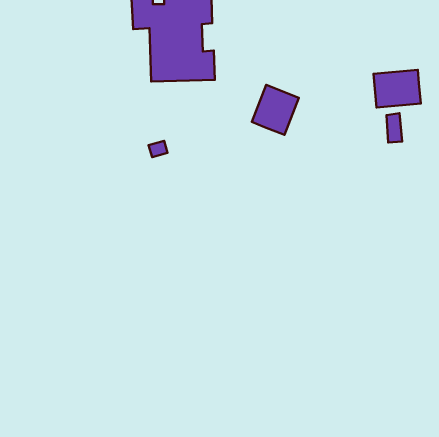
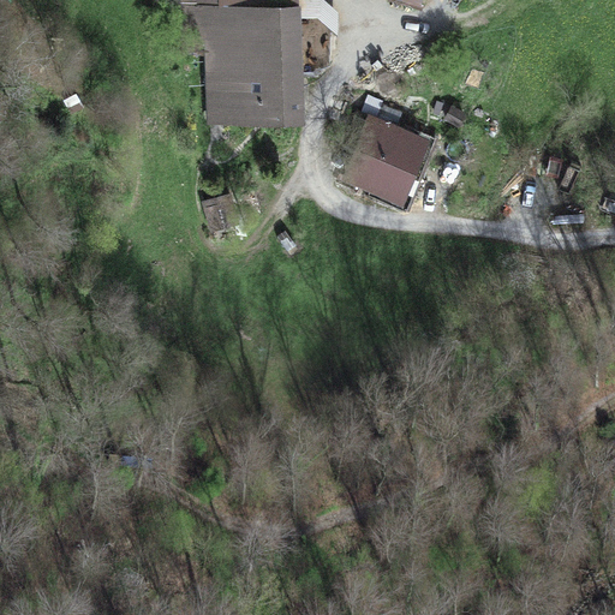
building: [373,70,421,107] -> none
building: none -> [364,137,432,208]

